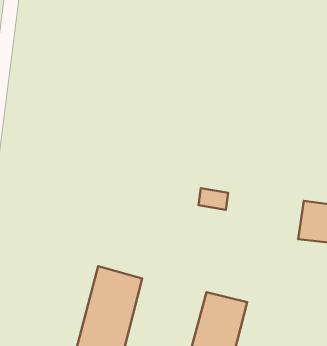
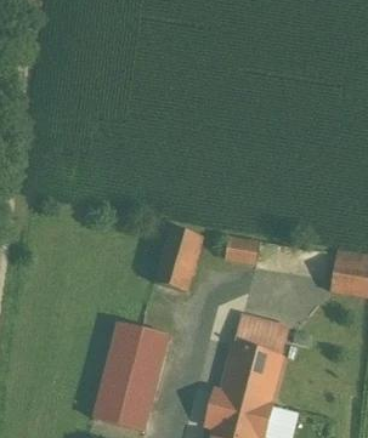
building: none -> [155,227,202,290]
building: none -> [236,318,288,359]

